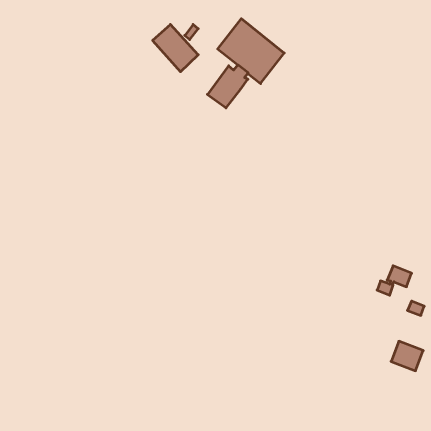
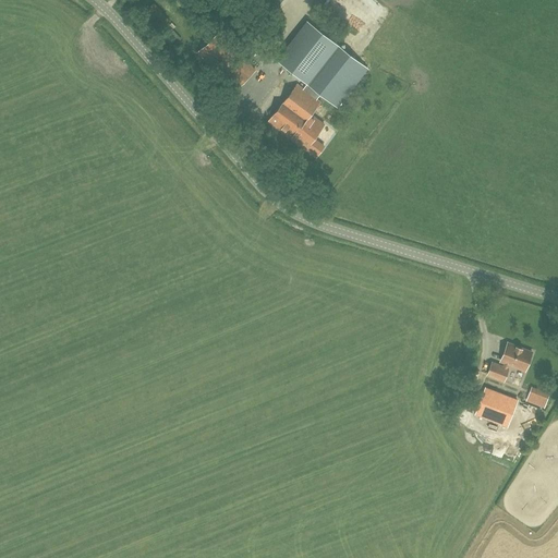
building: none -> [292,116,324,158]
building: [391,341,423,371] -> [475,388,517,426]

